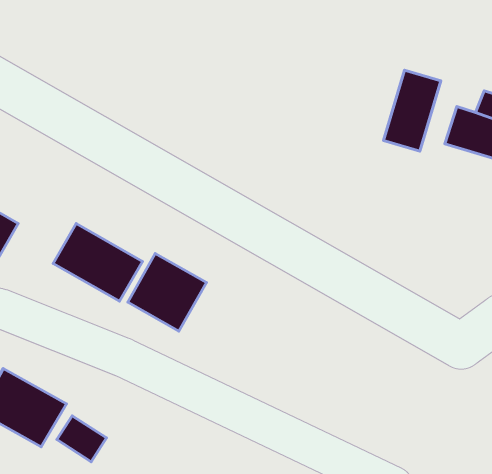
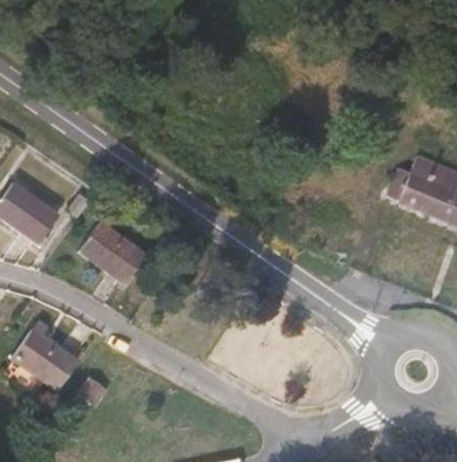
building: [384,70,441,151] -> none
building: [128,253,206,331] -> none

